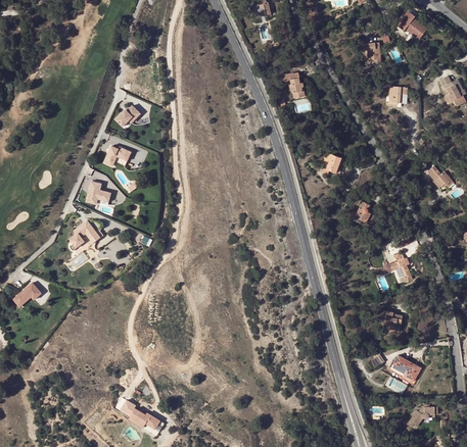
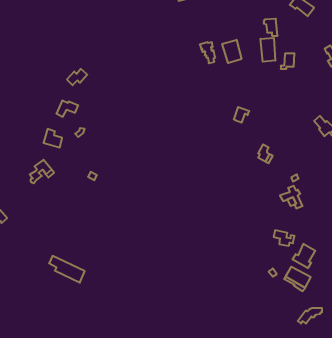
building: none -> [261,38,275,62]
building: none -> [222,40,241,63]
building: none -> [293,244,315,268]
building: [119,401,164,435] -> [49,256,85,283]

